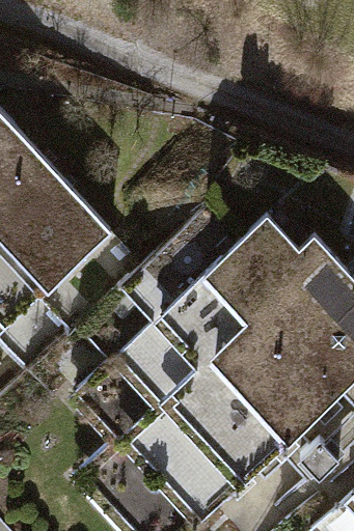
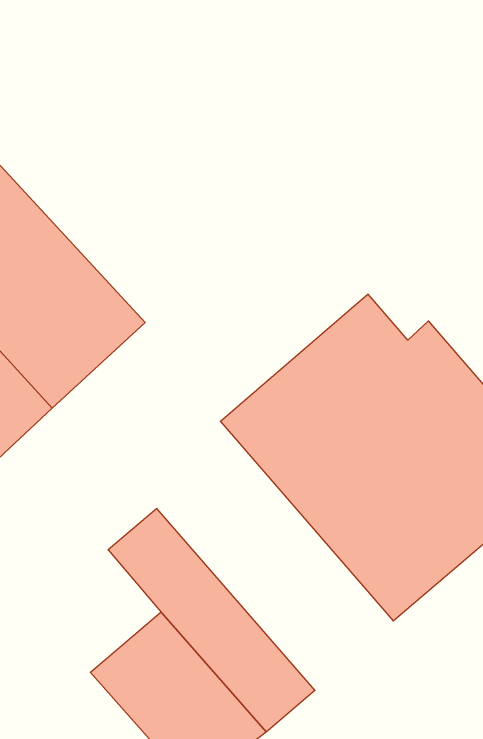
building: [110,303,287,492] -> none

